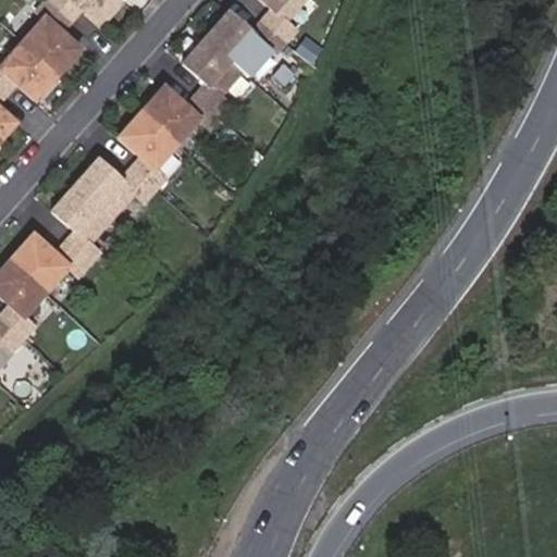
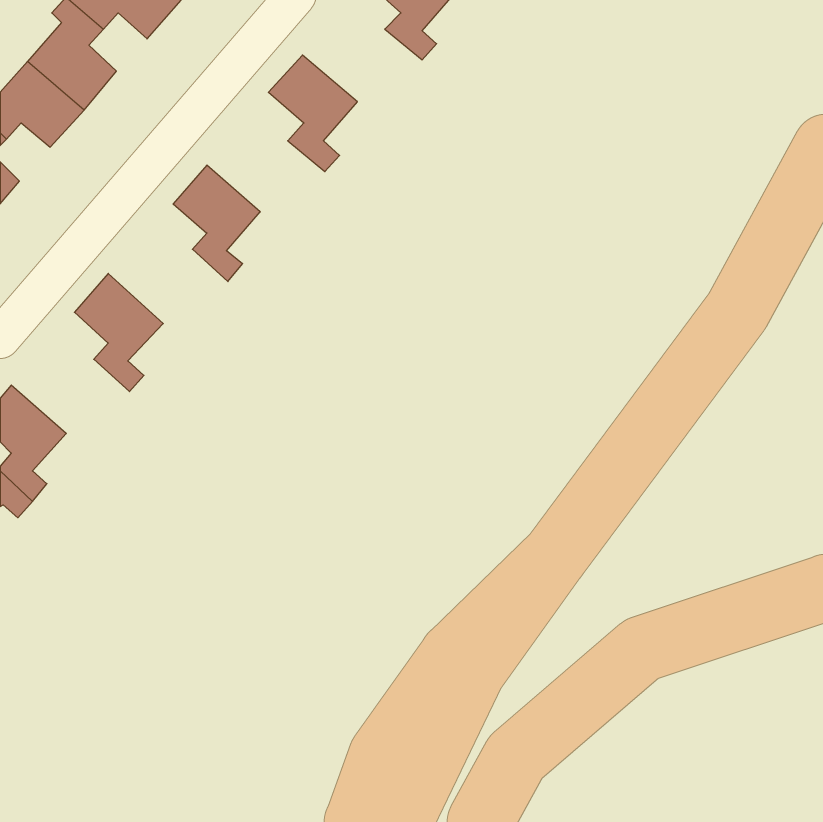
building: [206,10,286,69] -> none
building: [141,86,221,143] -> none
building: [75,158,156,218] -> none
building: [10,233,89,292] -> none

